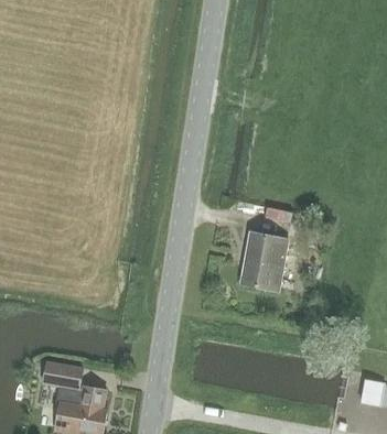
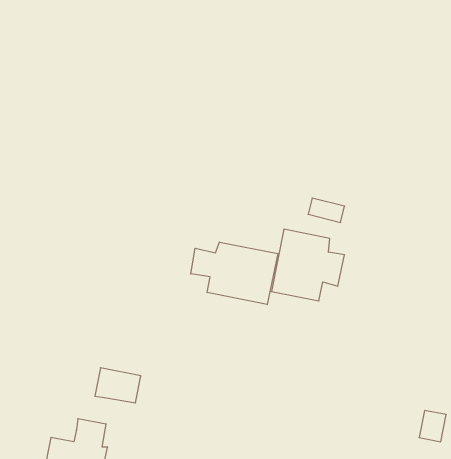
building: none -> [191,242,278,305]
building: [41,359,78,388] -> [95,368,141,403]

